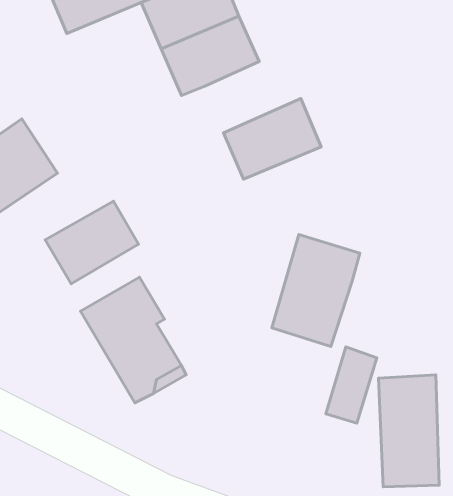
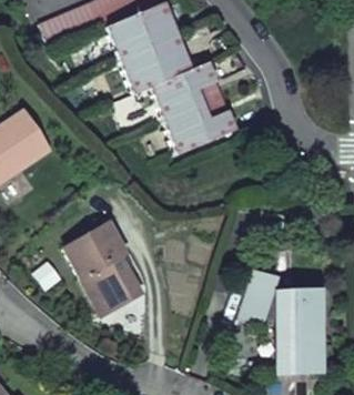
building: none -> [153,62,222,120]
building: [45,201,138,284] -> none
building: [272,235,360,346] -> none

